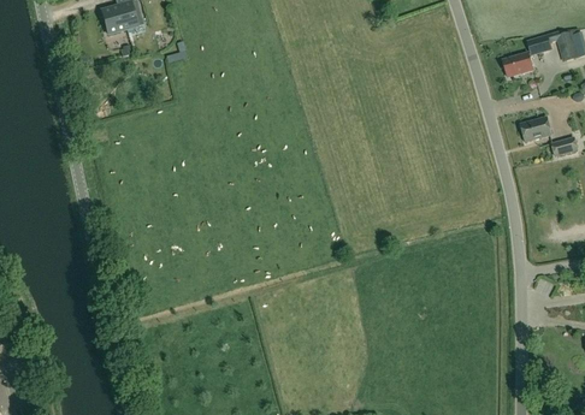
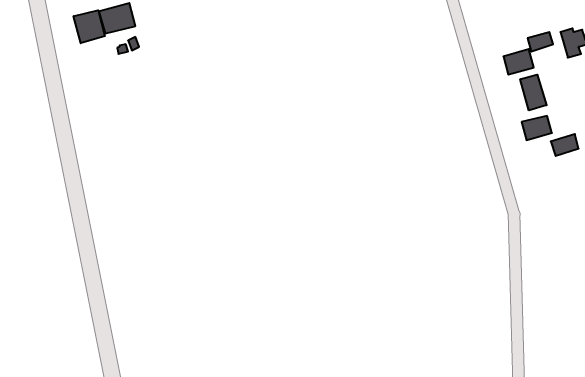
building: none -> [74,10,105,43]
building: none -> [520,75,547,110]

